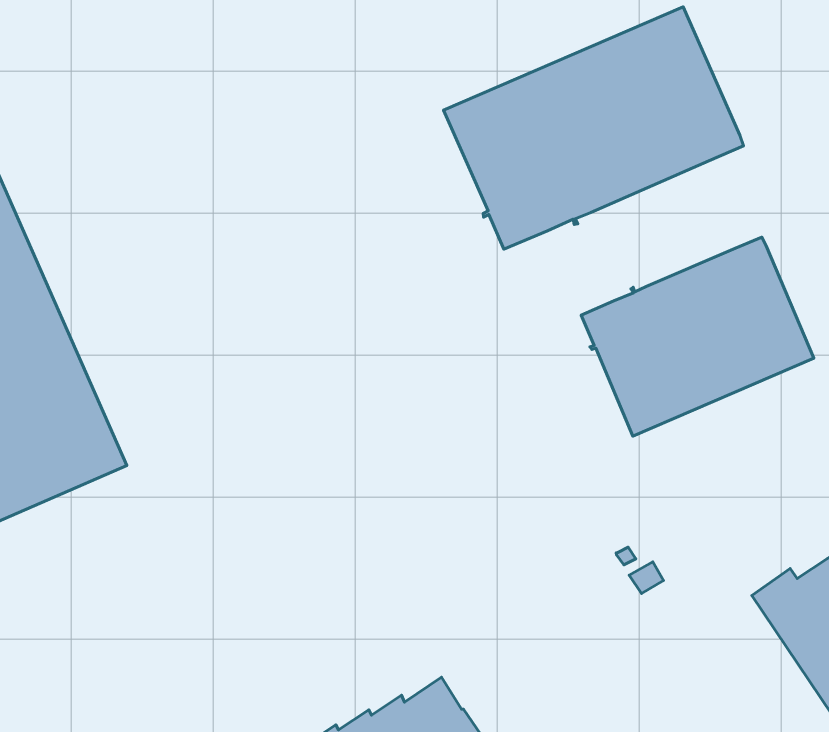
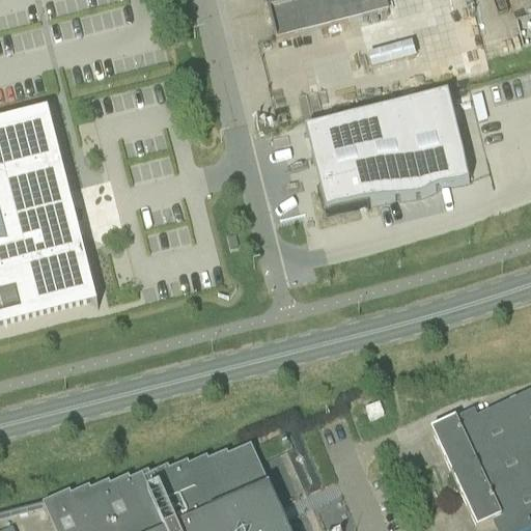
building: [581,237,814,436] -> none

